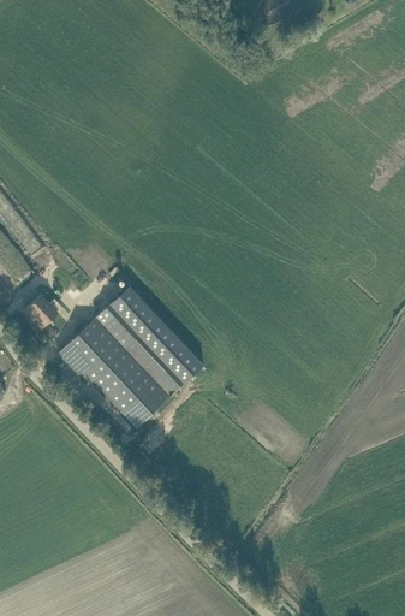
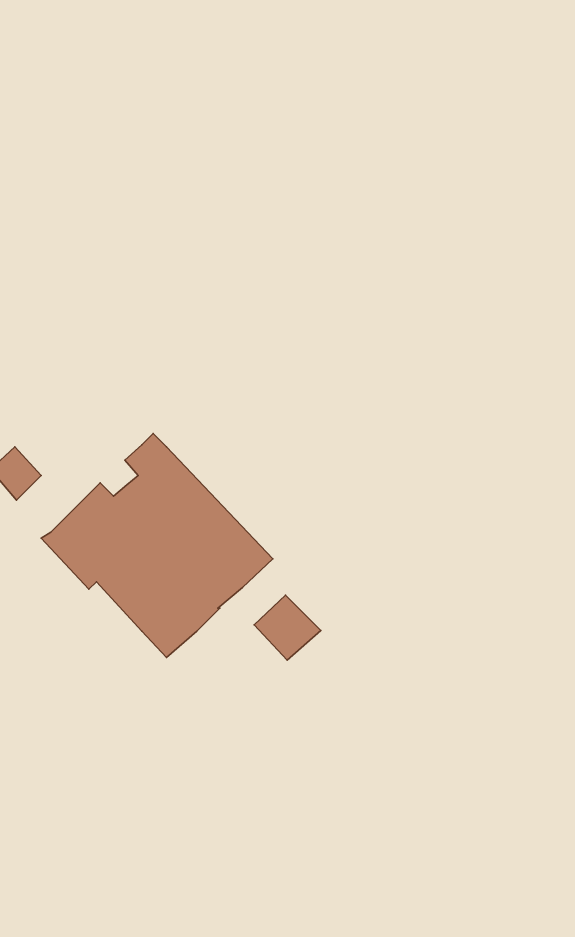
building: none -> [254,595,321,660]

